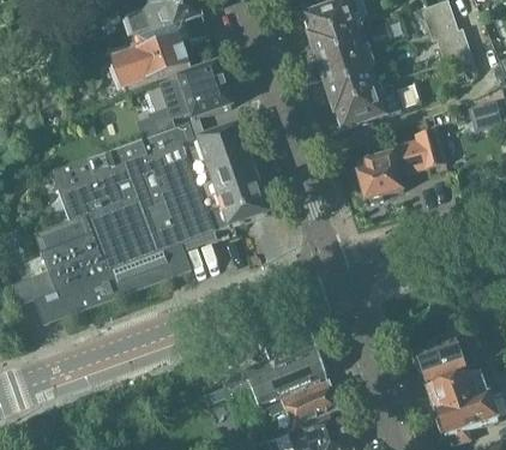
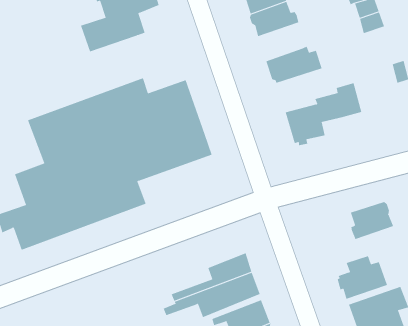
building: [321,56,374,102] -> none
building: [158,62,231,120] -> none
building: none -> [350,201,394,240]

